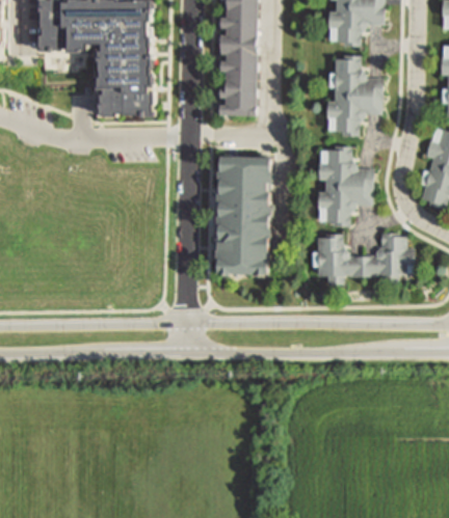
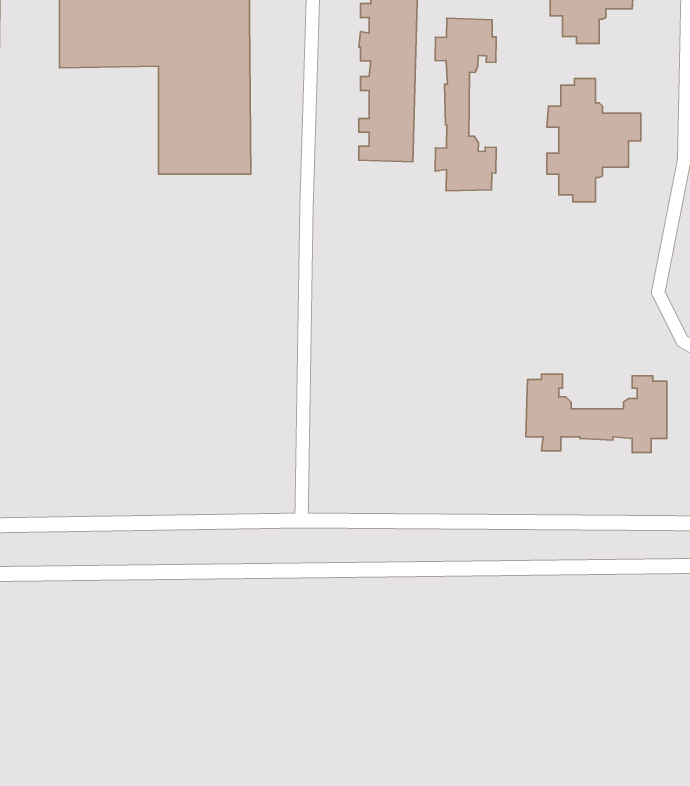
building: none -> [435,18,496,191]
building: [318,149,368,222] -> none
building: [213,155,271,276] -> none

